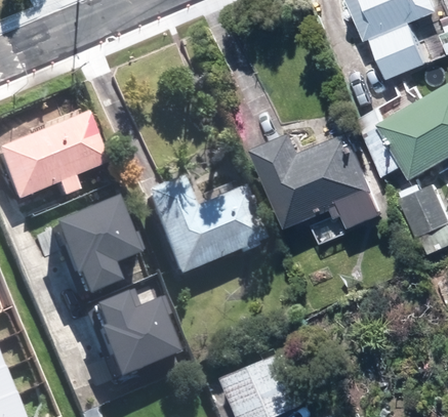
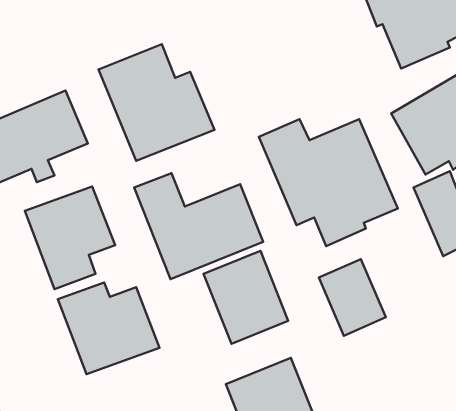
building: none -> [98,44,214,161]
building: none -> [204,251,288,344]
building: none -> [319,259,386,336]

